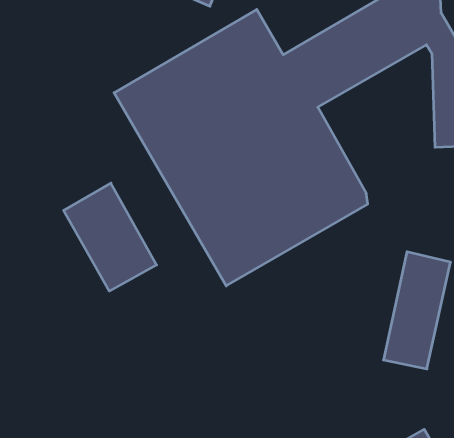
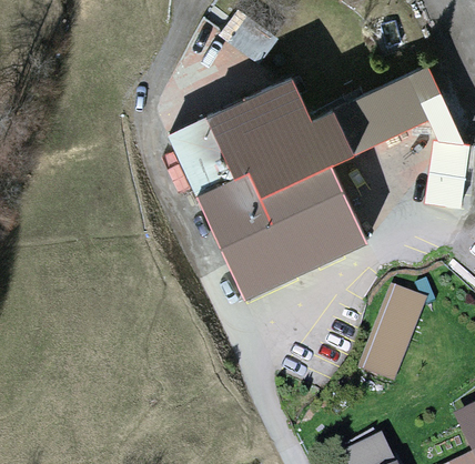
building: [64,183,157,291] -> none

